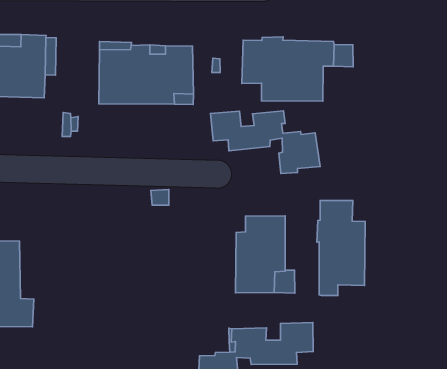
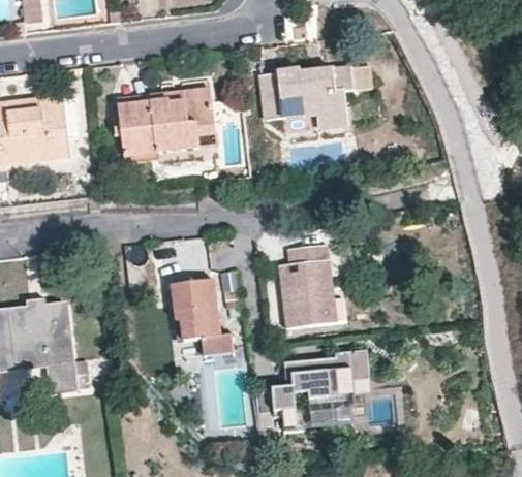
building: [211,111,320,174] -> none
building: [317,200,365,296] -> none
building: none -> [171,279,231,354]

